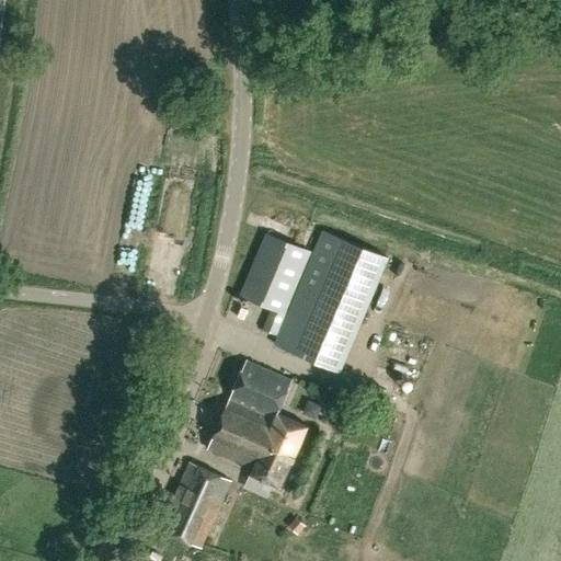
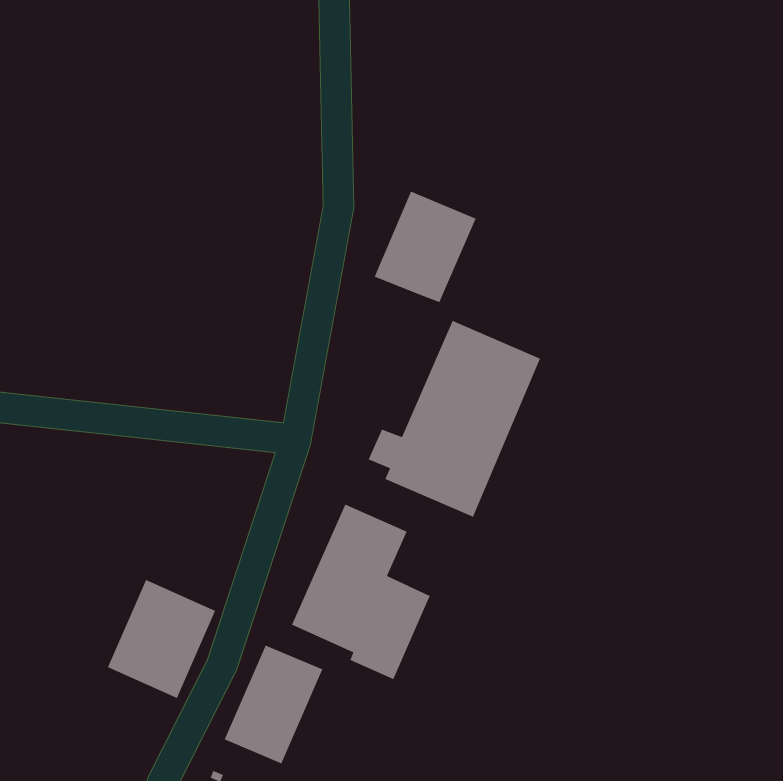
building: [240,233,313,313] -> [374,191,476,303]
building: none -> [107,579,216,699]

